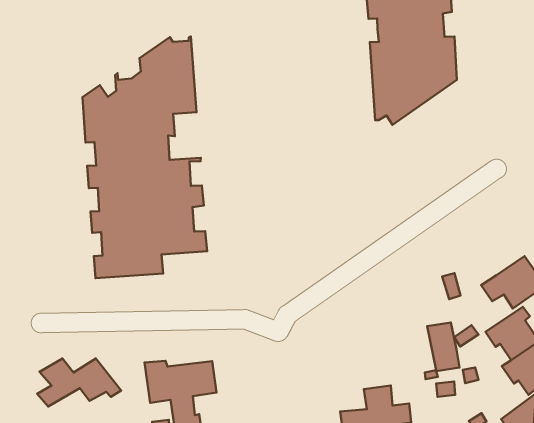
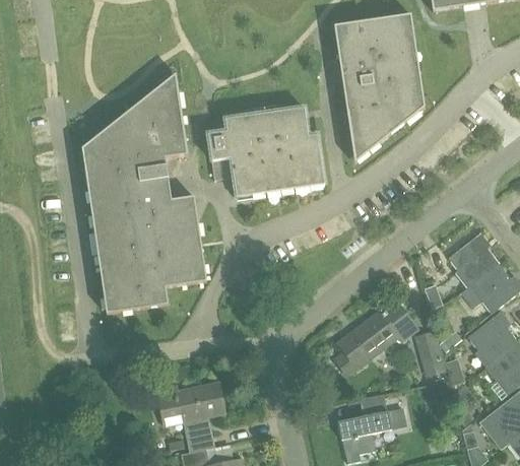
building: none -> [207,108,325,197]
building: none -> [449,232,499,283]
building: none -> [336,302,417,375]
building: [37,358,121,407] -> none

